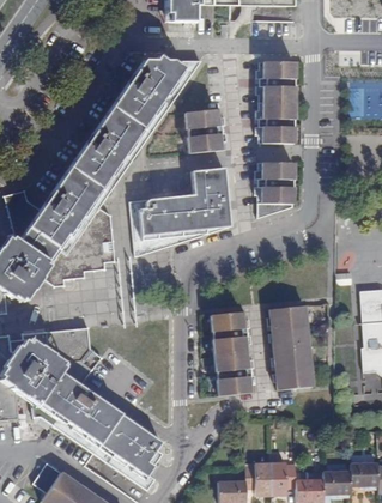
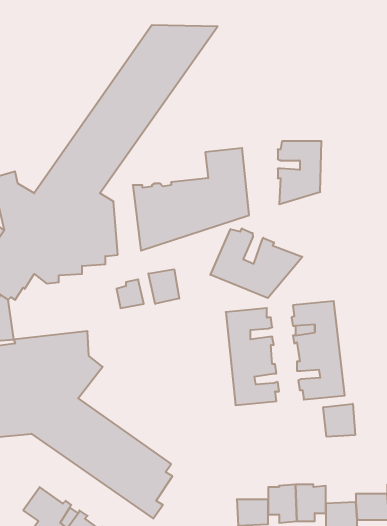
building: [255,61,295,141] -> none
building: [184,108,226,152] -> none
building: none -> [210,228,302,298]
building: none -> [148,269,179,304]
building: none -> [323,404,355,437]

